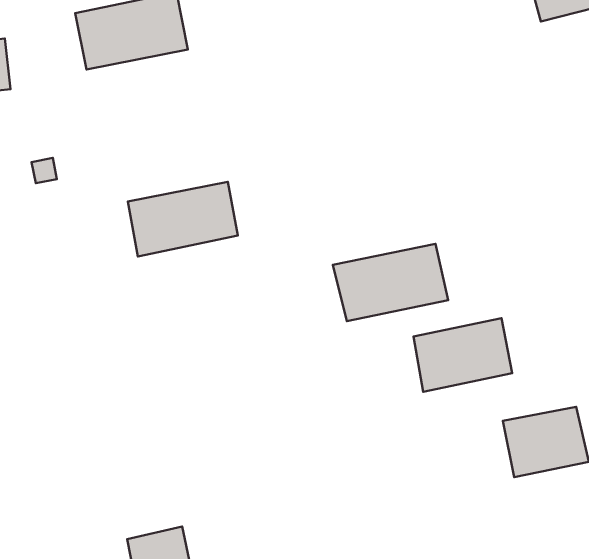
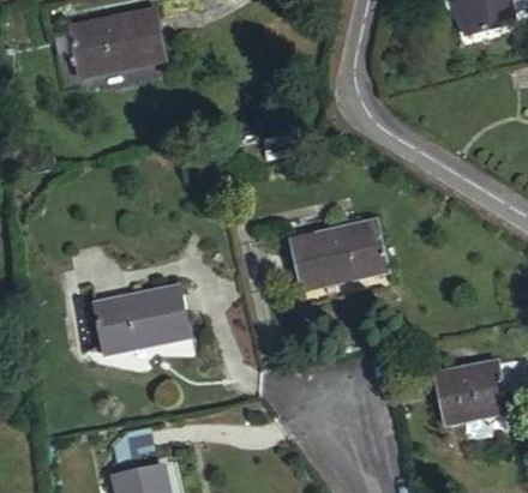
building: [128,182,238,256] -> [94,288,187,351]
building: [414,318,512,392] -> none

